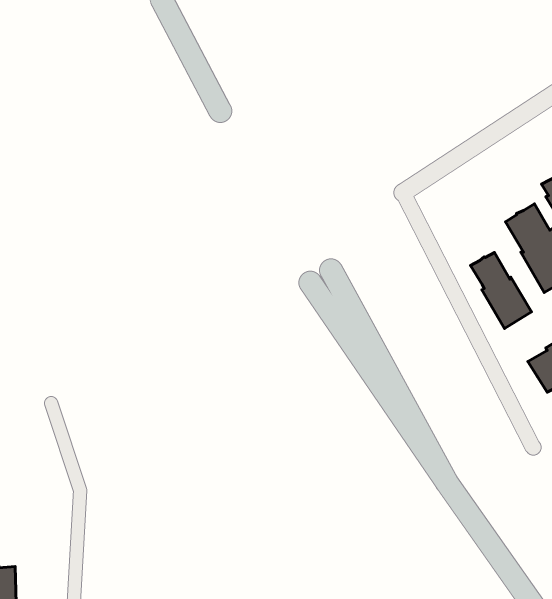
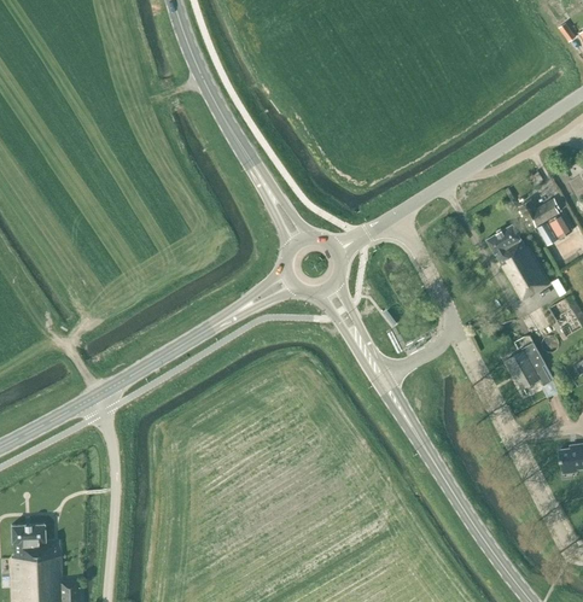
building: [471,252,531,329] -> none

